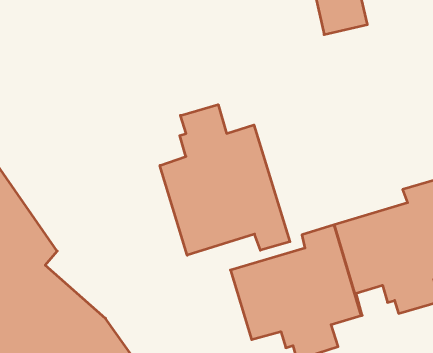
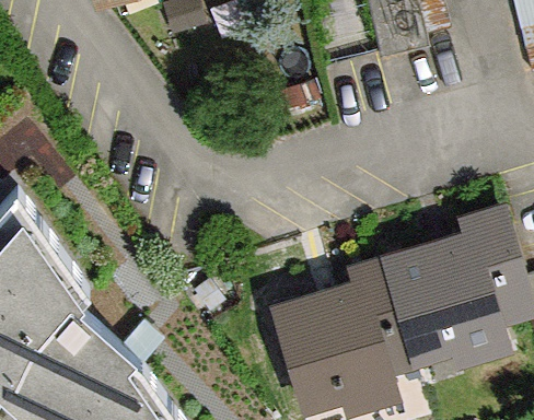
building: [160,105,290,255] -> none

